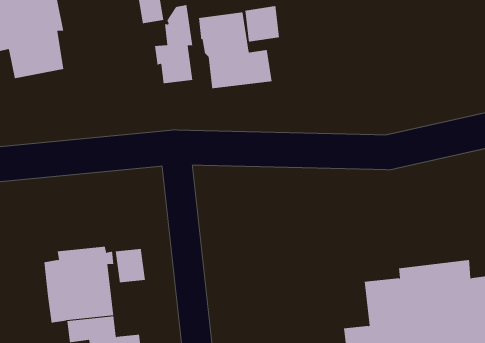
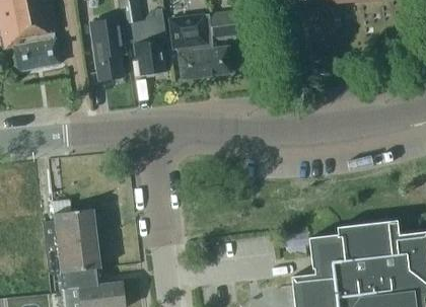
building: none -> [91,17,125,81]
building: [115,248,146,283] -> none

